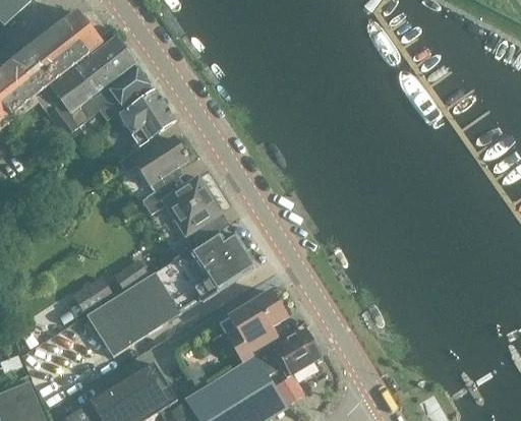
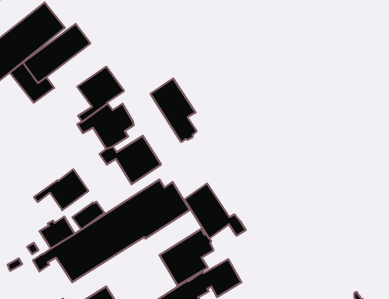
building: [92,65,152,119] -> none
building: none -> [151,78,197,142]
building: none -> [34,169,88,210]
building: none -> [184,183,246,238]

